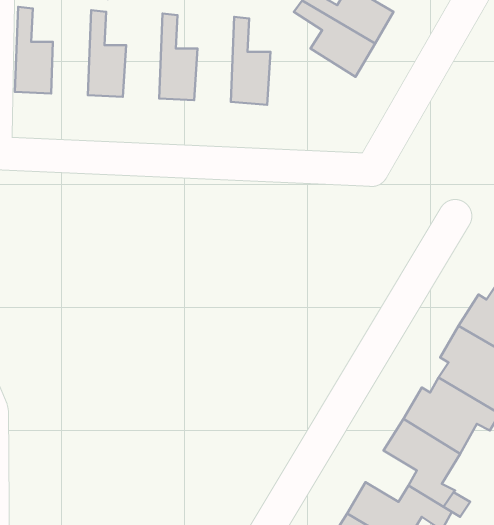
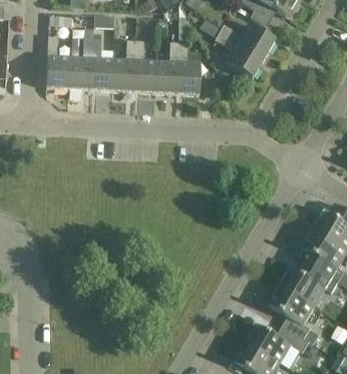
building: none -> [67,38,91,89]
building: none -> [110,40,134,91]
building: none -> [153,42,178,93]

